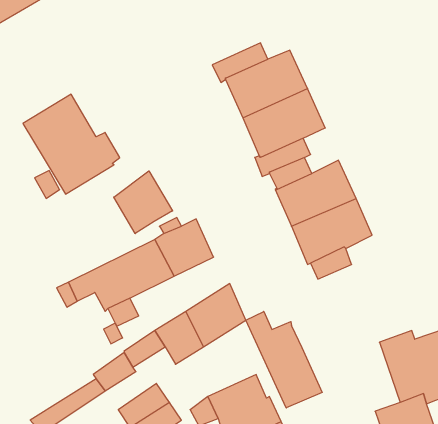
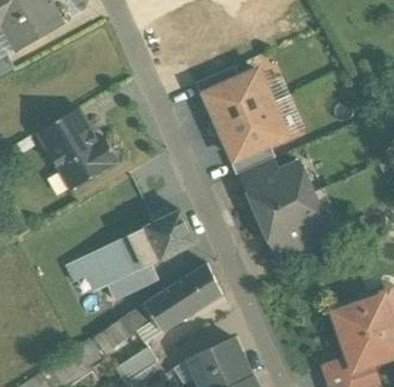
building: [114,171,173,234] -> none
building: [246,311,322,408] -> none

